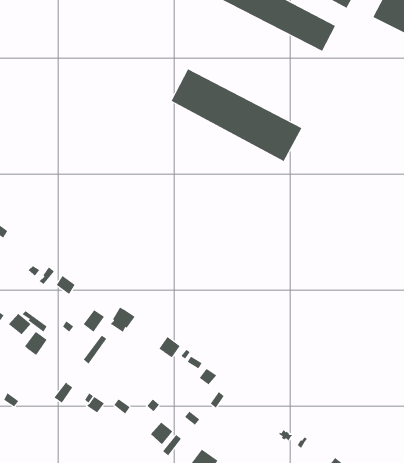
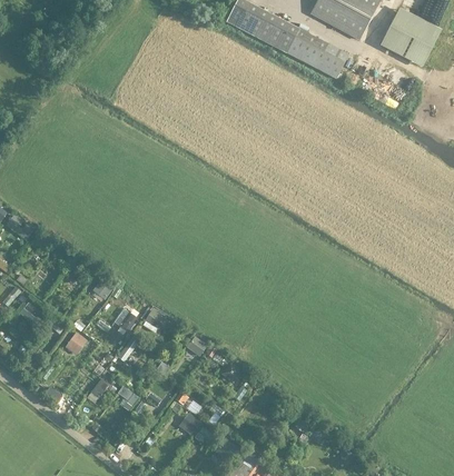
building: [171,68,302,162] -> none

